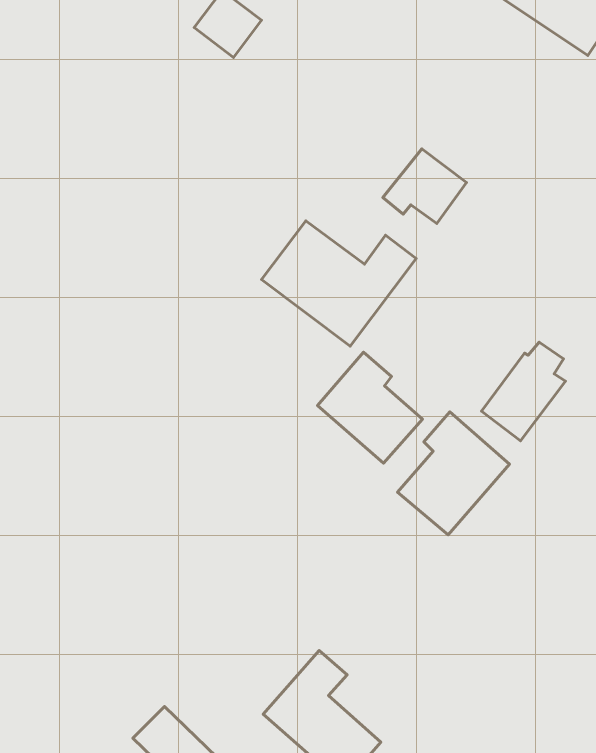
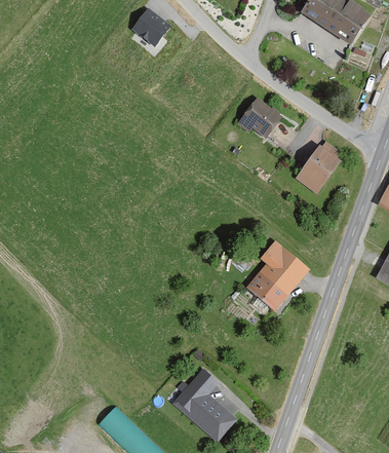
building: [261,221,416,346] -> none
building: [481,342,565,441] -> [295,144,341,198]
building: [317,352,423,463] -> none

